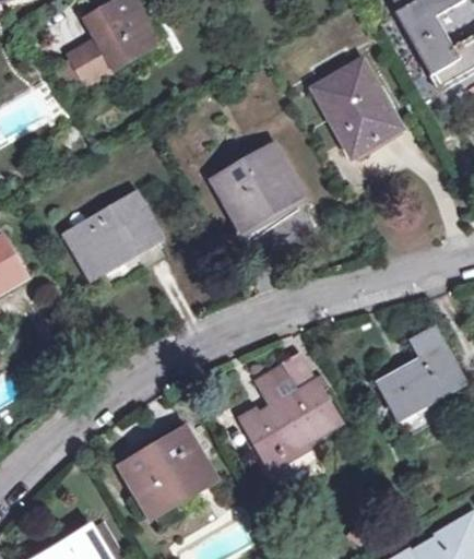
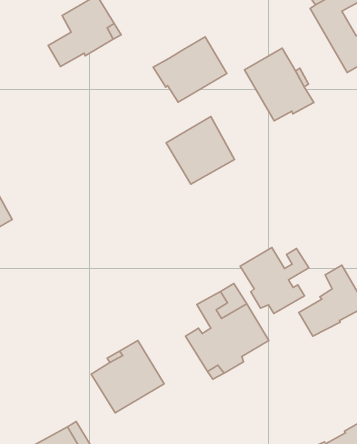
building: none -> [153,37,227,102]
building: [69,194,157,274] -> none
building: none -> [240,247,309,313]

